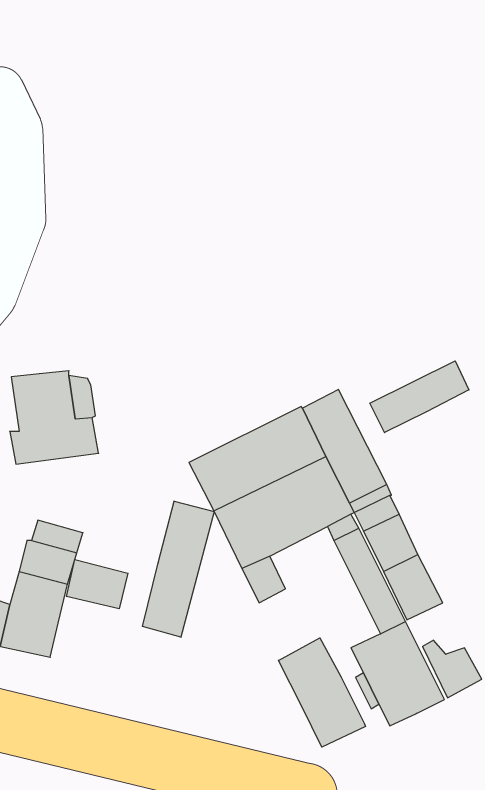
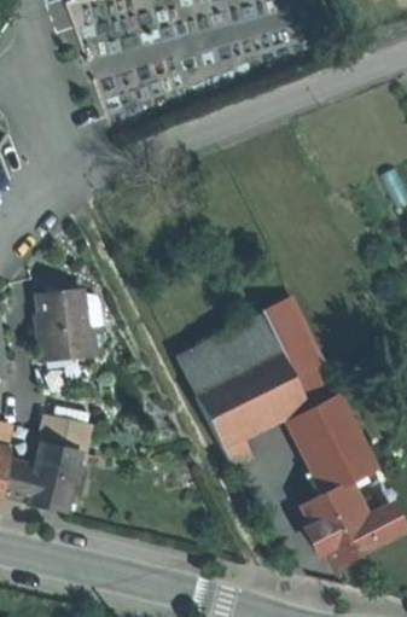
building: [370,361,469,433] -> none
building: [142,501,214,637] -> none
building: [66,559,128,609] -> none
building: [278,638,365,747] -> none

